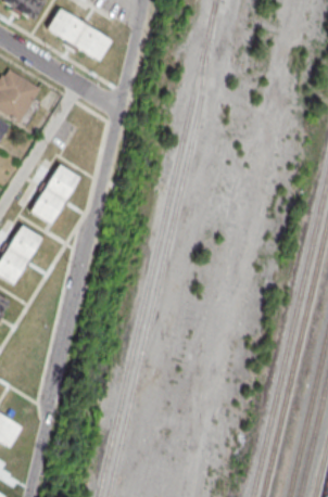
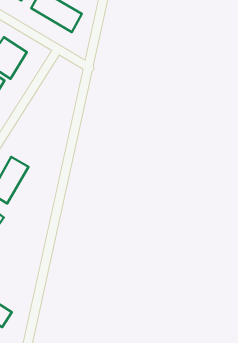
building: [29,164,80,225] -> none

